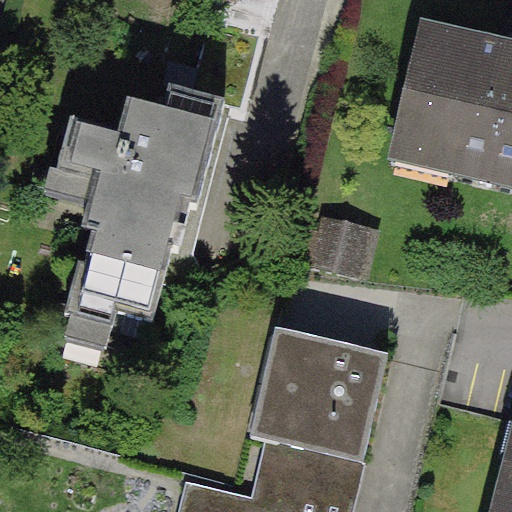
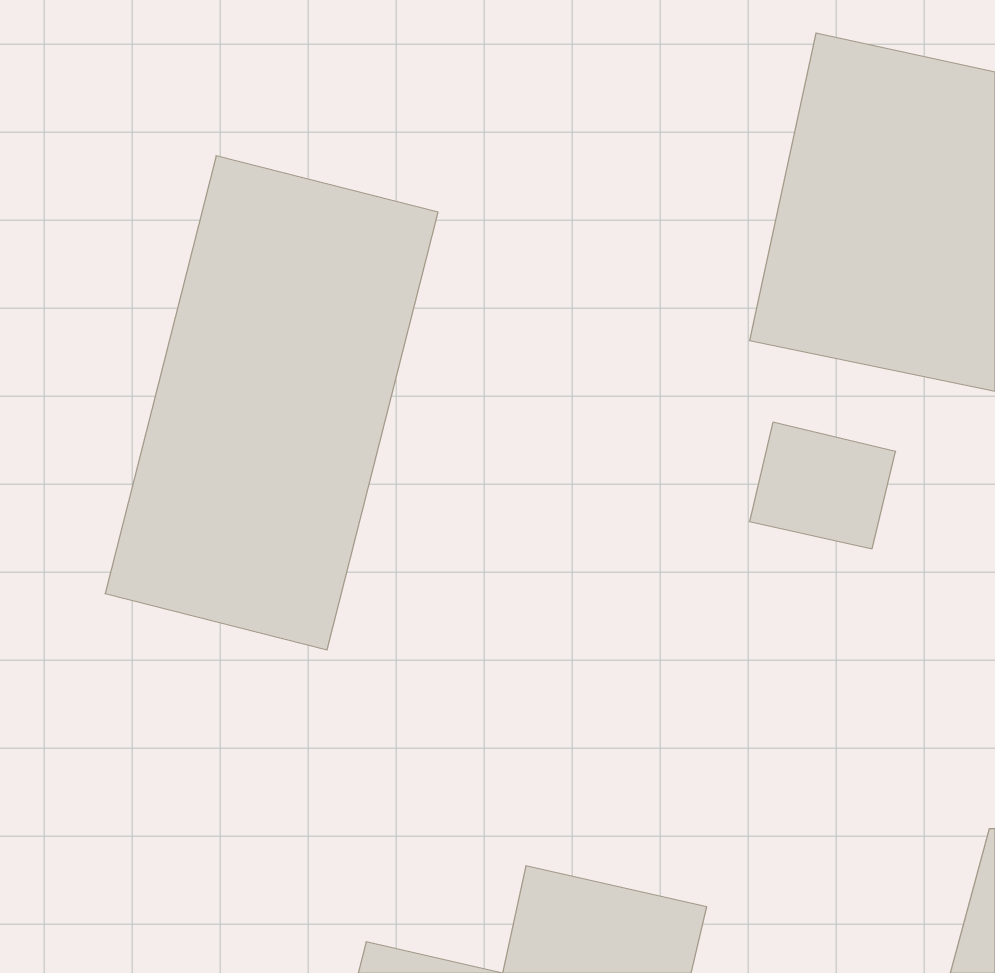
building: [308,210,383,275] -> [749,422,896,549]
building: [254,328,390,463] -> none

